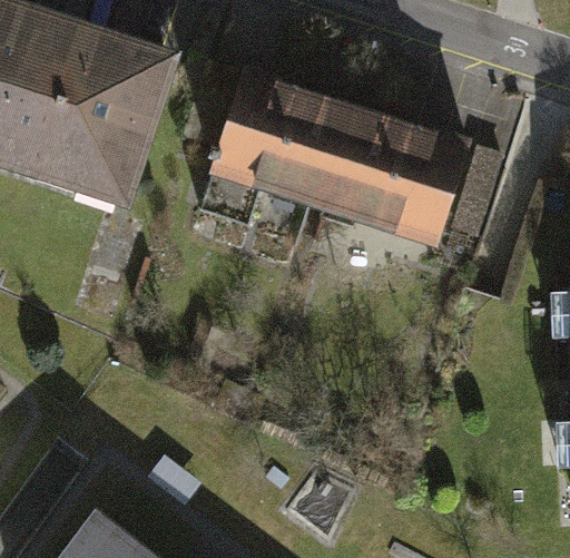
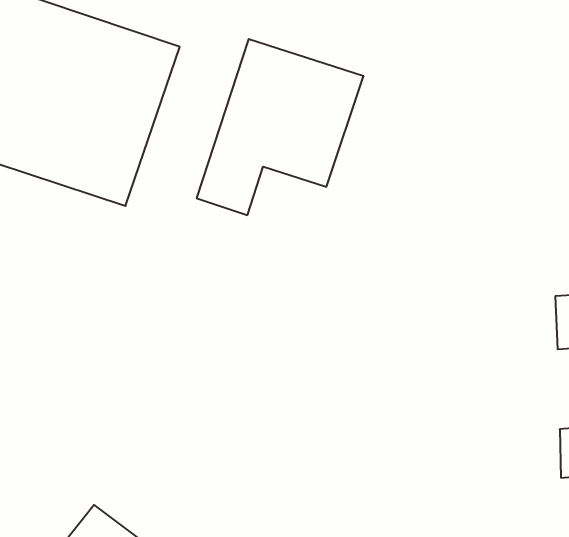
building: [324,89,473,236] -> none

